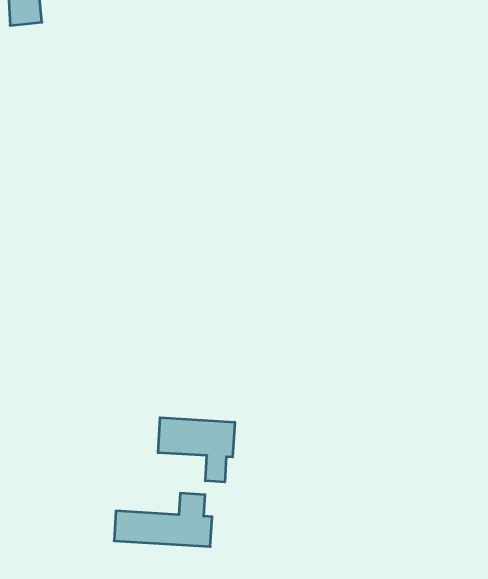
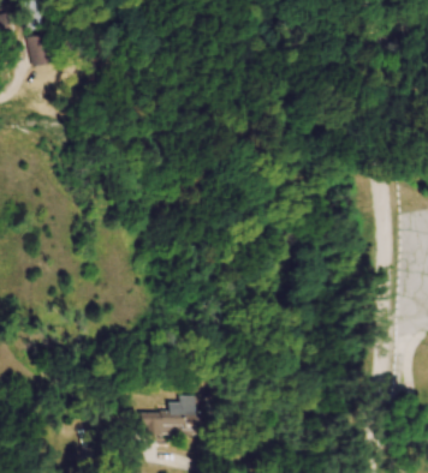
building: [158,418,235,482] -> none

